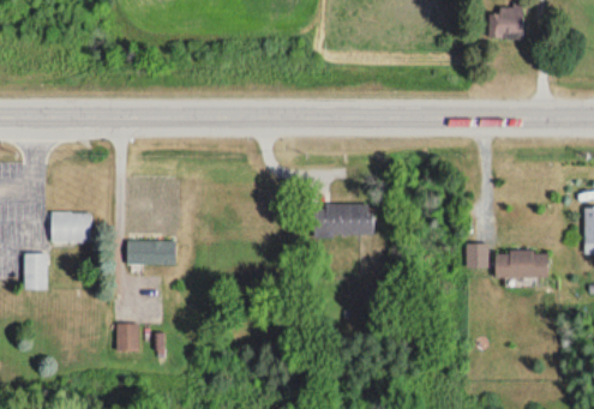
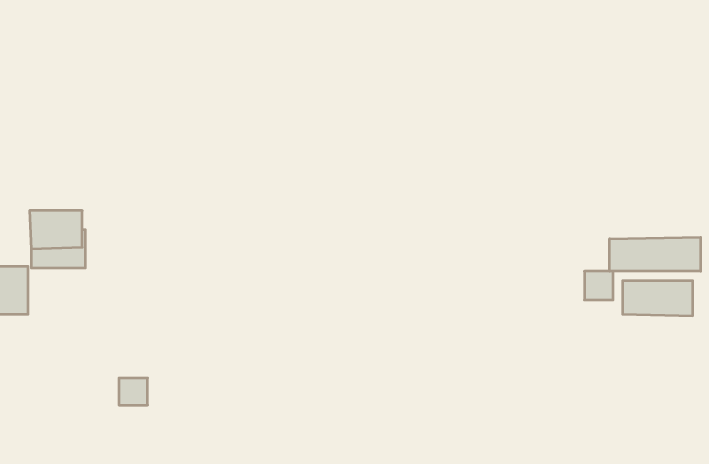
building: [313,204,370,239] -> none
building: none -> [610,237,701,271]
building: [126,241,175,265] -> none

